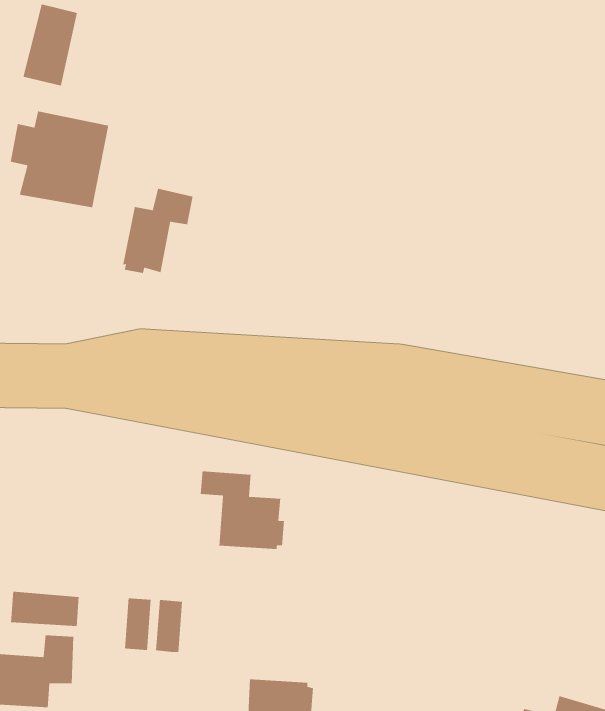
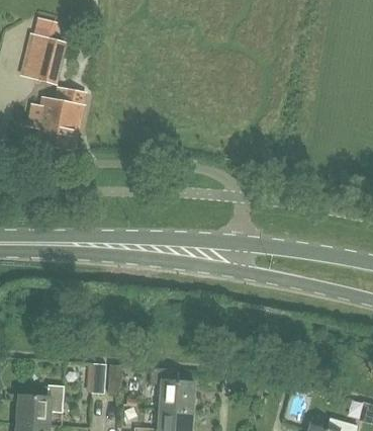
building: [122,188,193,274] -> none
building: [200,470,285,550] -> [149,366,195,410]
building: [10,591,79,627] -> none

